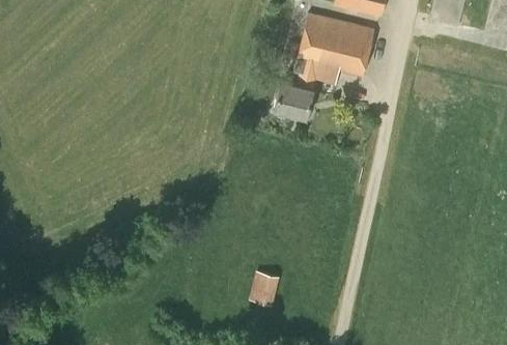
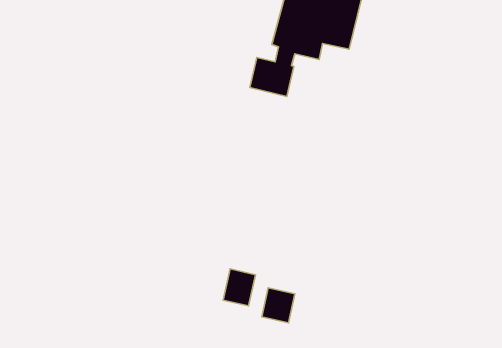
building: none -> [262,288,295,323]

